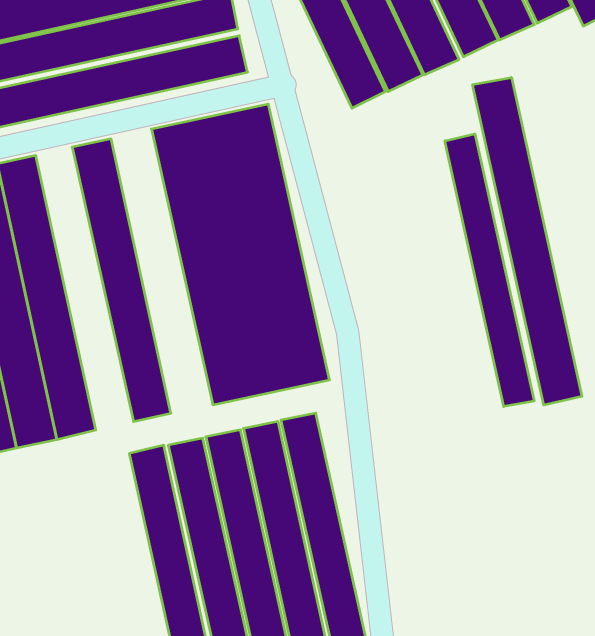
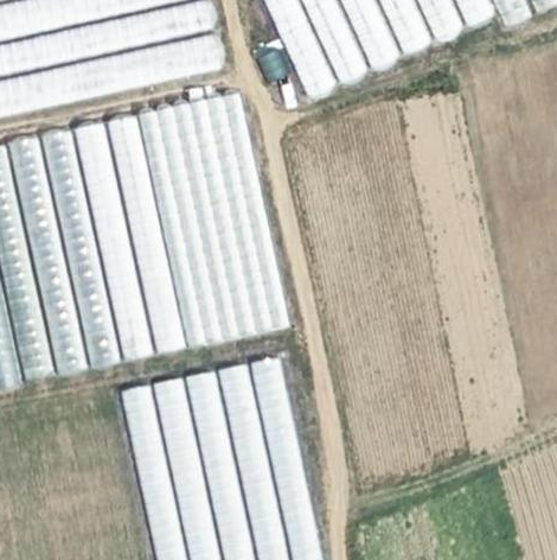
building: [473,77,582,405] -> none
building: none -> [104,114,191,356]
building: [445,134,534,407] -> none
building: none -> [40,129,123,370]

